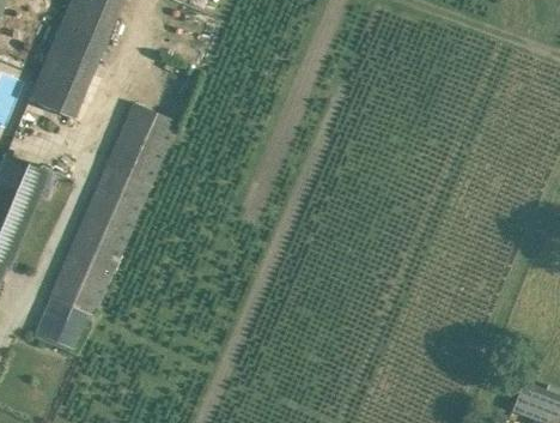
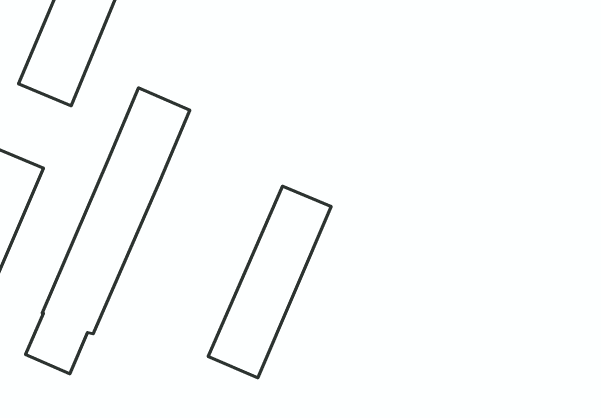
building: none -> [208,186,331,378]

